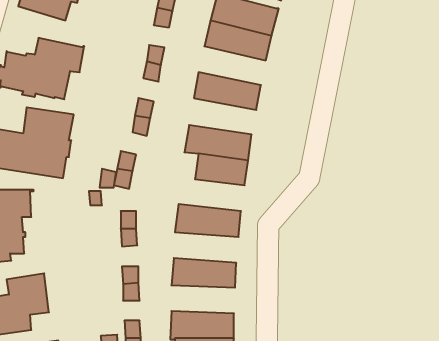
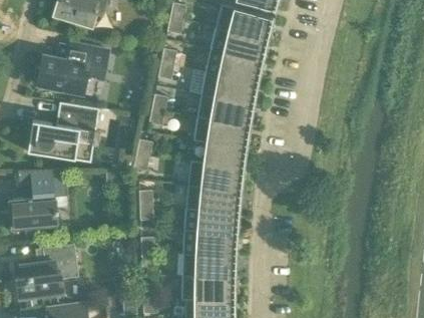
building: none -> [204,50,262,83]
building: none -> [196,94,254,125]
building: none -> [187,162,244,191]
building: none -> [183,209,239,235]
building: none -> [181,254,236,278]

